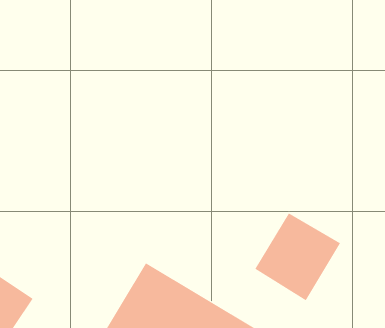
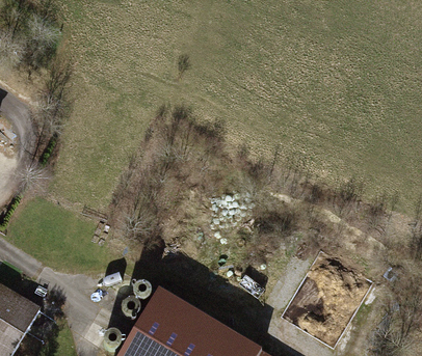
building: [255,212,341,301] -> none

